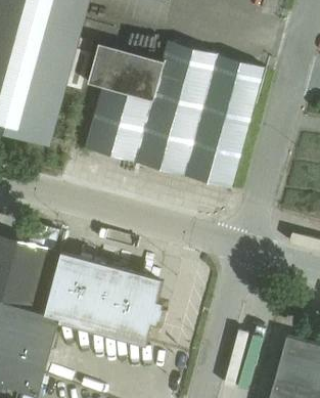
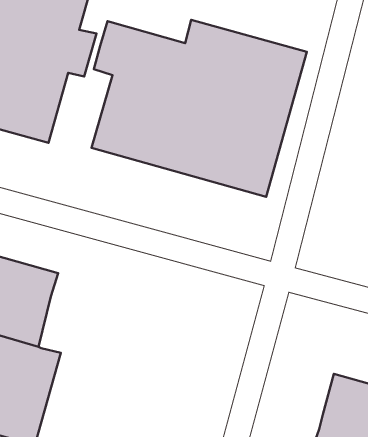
building: [42,254,167,341] -> none

